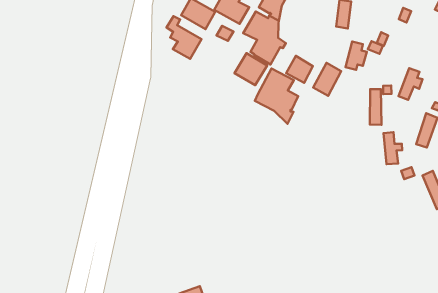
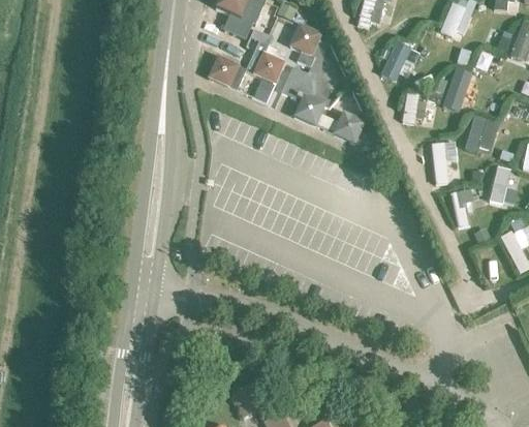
building: [166,16,201,59] -> none
building: none -> [441,67,475,110]
building: [234,53,267,85] -> none
building: [313,63,341,96] -> none
building: [255,68,298,124] -> none

